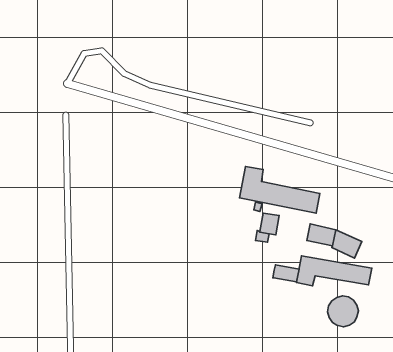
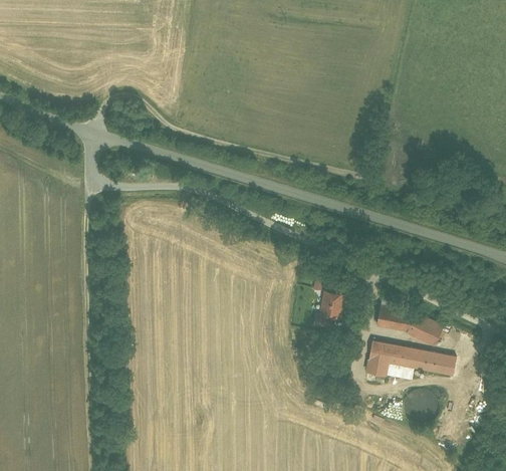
building: [240,167,320,213] -> none
building: [273,265,299,282] -> none

